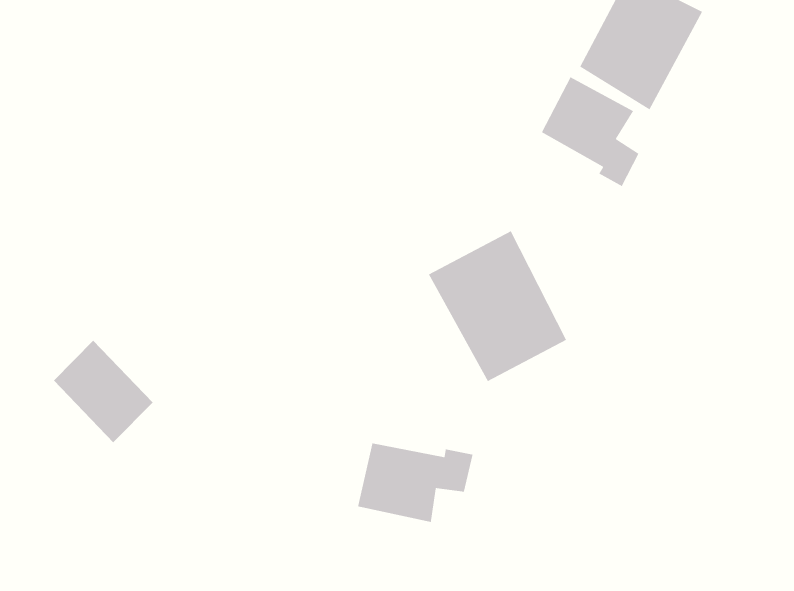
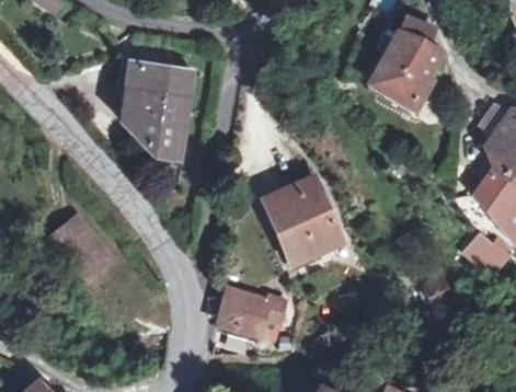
building: none -> [123,62,191,159]
building: [541,76,640,187] -> none

